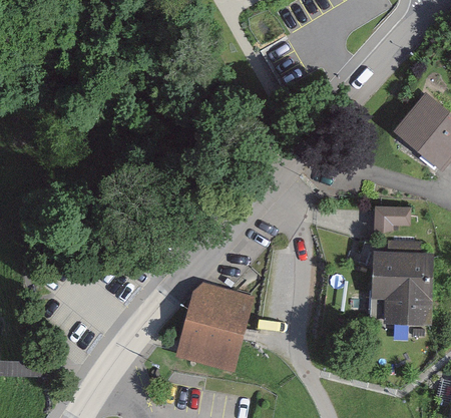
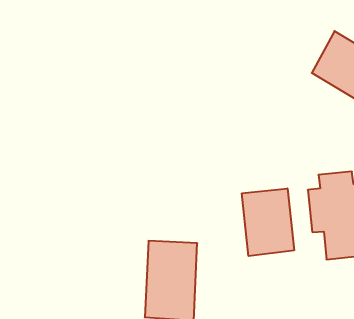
building: [376,206,415,229] -> none
building: none -> [242,188,294,256]

